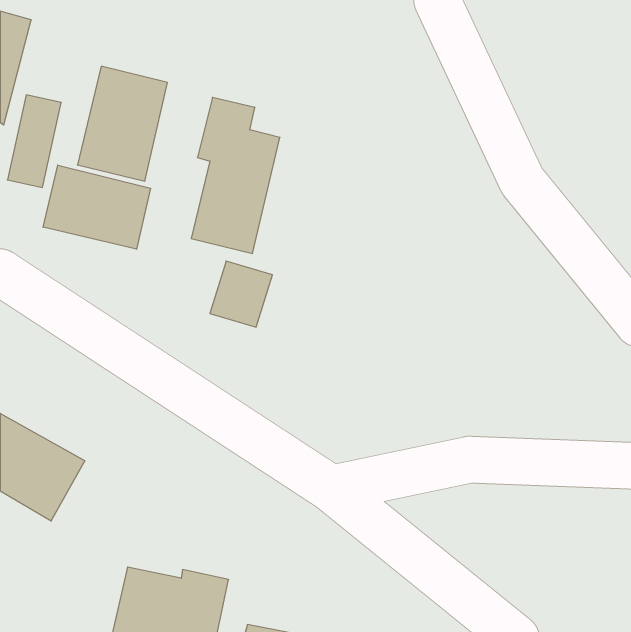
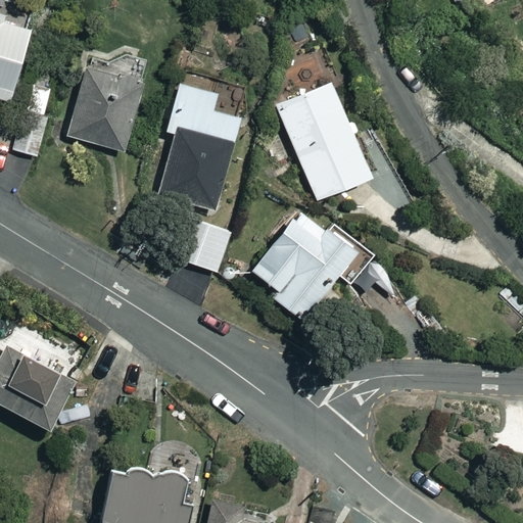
building: none -> [275,81,369,200]
building: [43,165,151,249] -> none
building: none -> [267,208,388,321]

